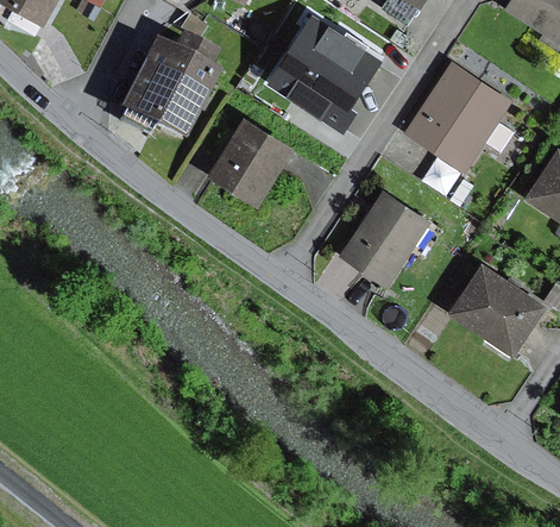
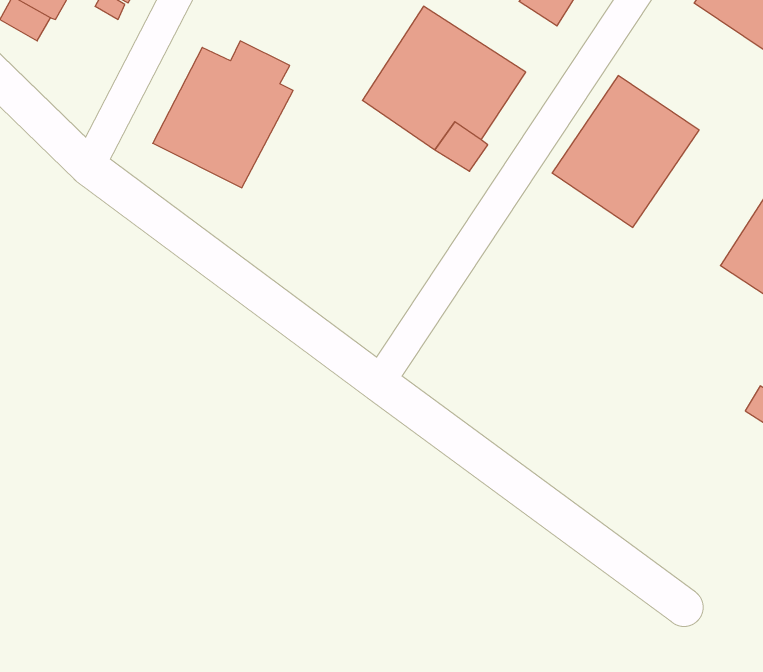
building: [208,115,296,208] -> none
building: [341,192,429,286] -> none
building: [449,265,545,356] -> none

